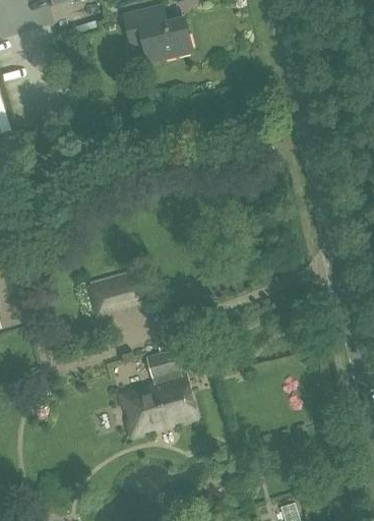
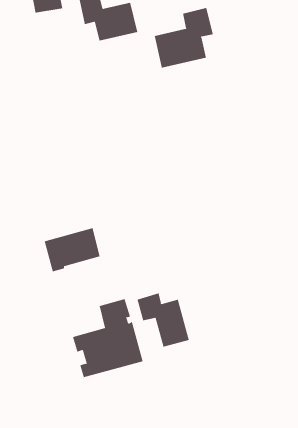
building: none -> [154,7,213,69]
building: none -> [137,293,189,348]

